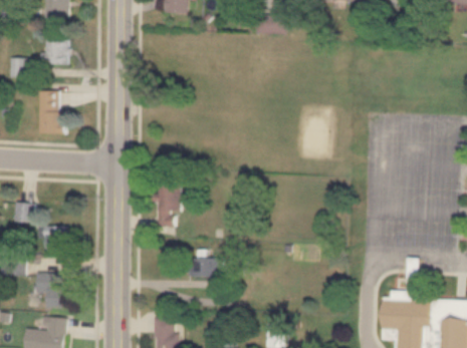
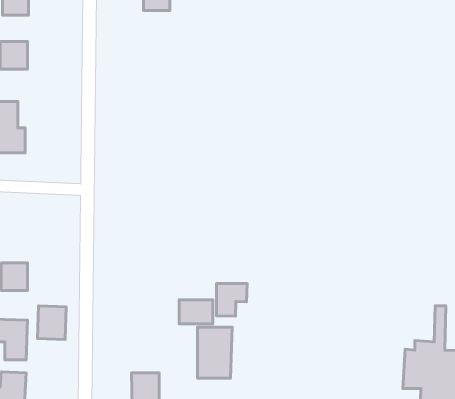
building: [158,186,178,226] -> none
building: none -> [217,283,247,316]
building: none -> [38,306,66,339]
building: none -> [197,327,232,378]

